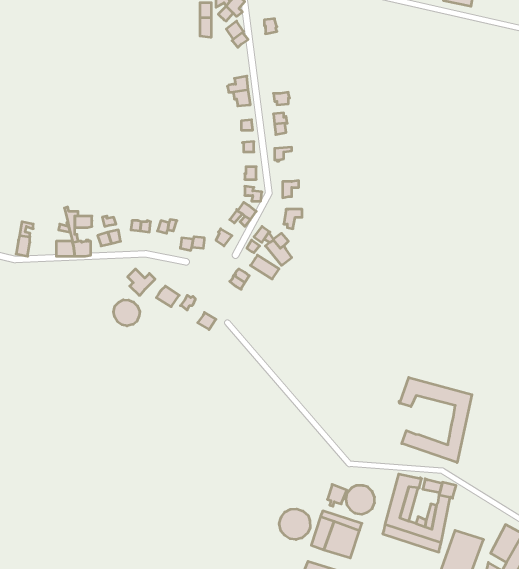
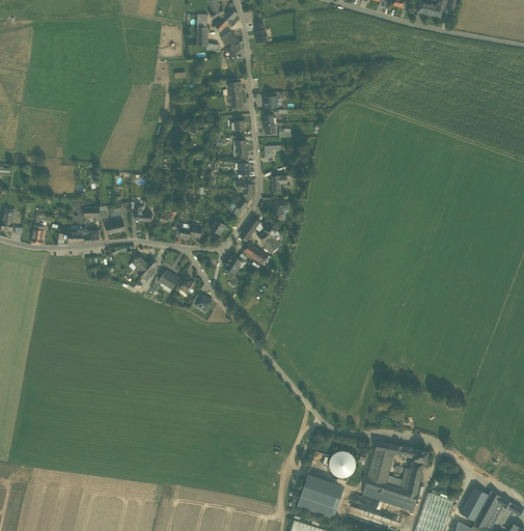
building: [114,300,140,326] -> none
building: [399,377,472,463] -> none
building: [279,509,310,540] -> none

